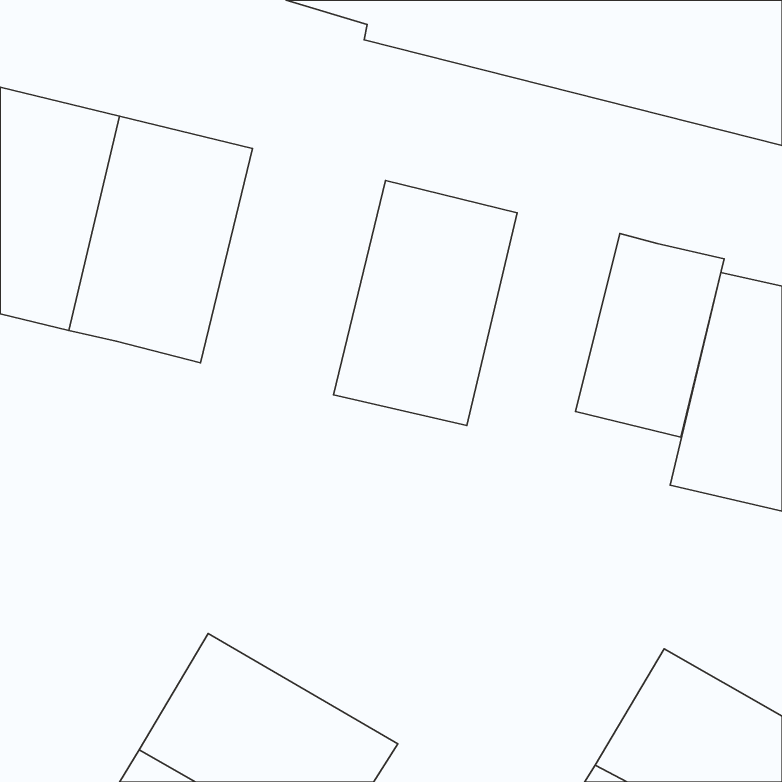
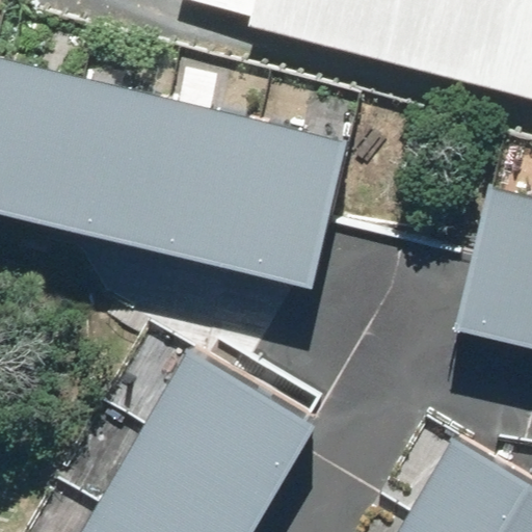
building: none -> [136,101,262,268]
building: [575,234,724,437] -> none
building: none -> [141,351,317,505]

